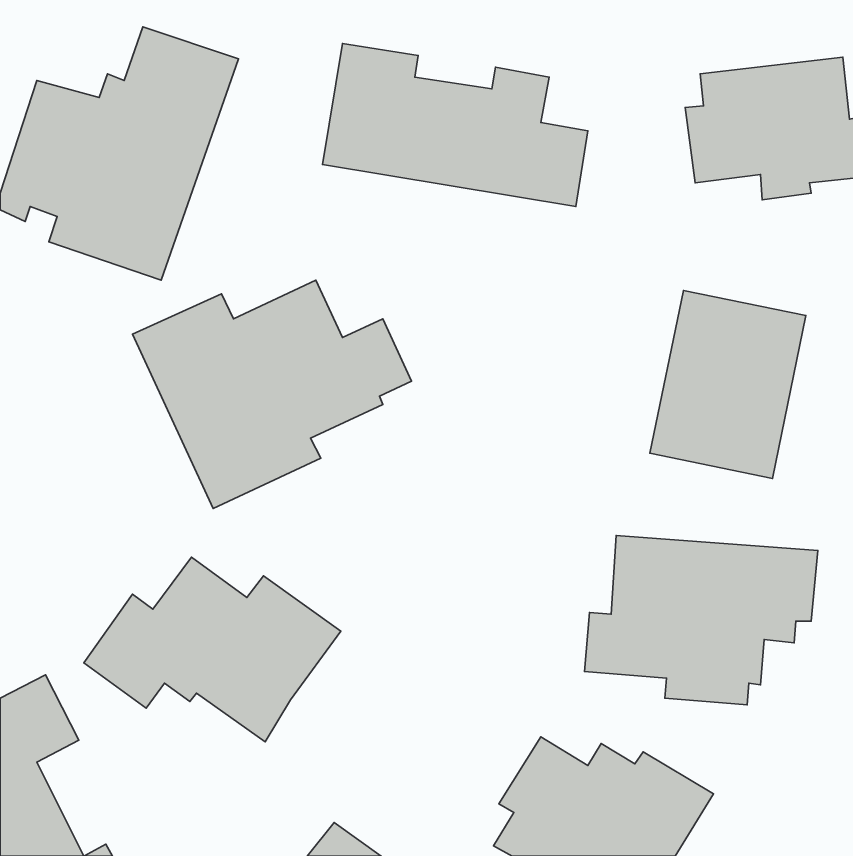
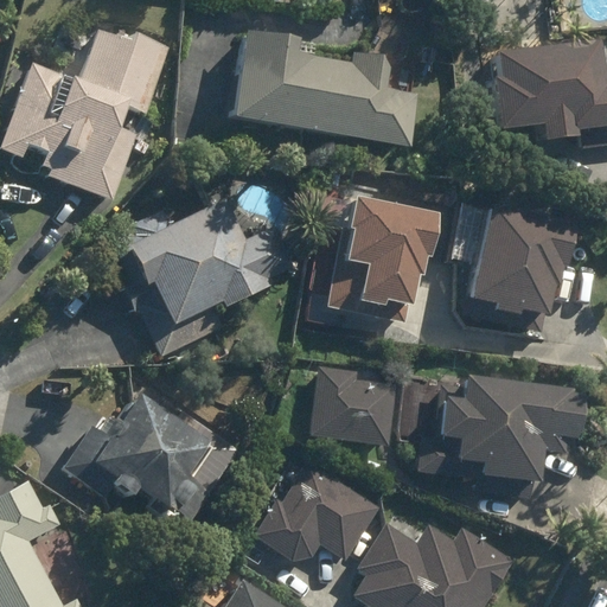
building: none -> [319,191,434,318]
building: none -> [311,368,396,445]
building: none -> [255,458,379,562]

